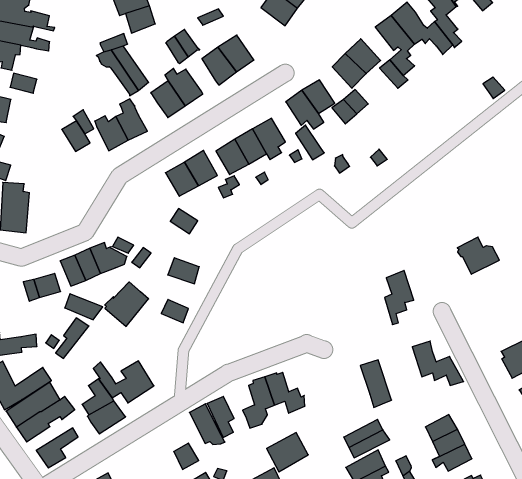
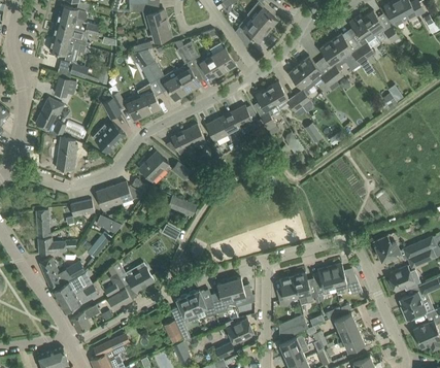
building: none -> [94,123,124,153]
building: [457,237,499,274] -> [372,236,400,261]
building: [385,270,414,325] -> [314,266,334,302]
building: [105,282,149,326] -> [138,152,168,181]
building: none -> [278,276,298,306]

